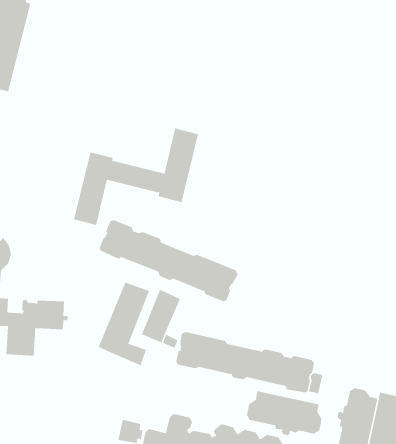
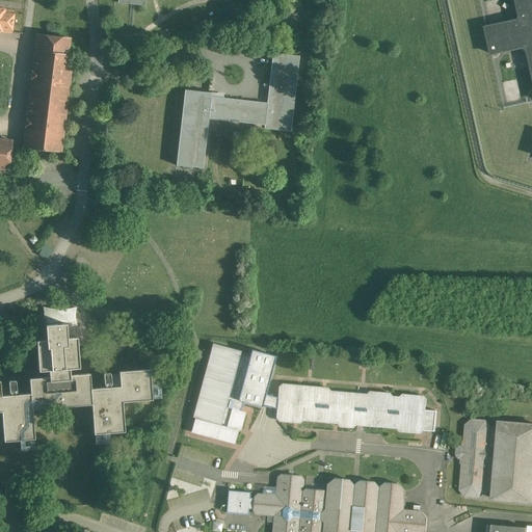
building: [73,128,199,225] -> [177,53,299,168]
building: [99,220,238,302] -> none
building: none -> [190,415,238,443]
building: [246,390,322,436] -> none

